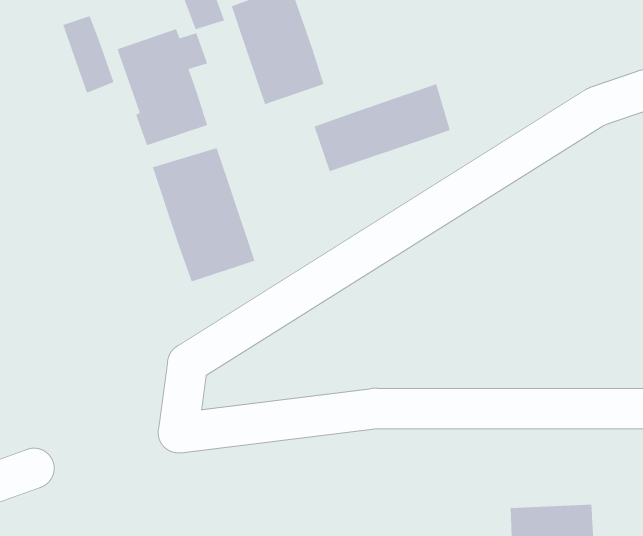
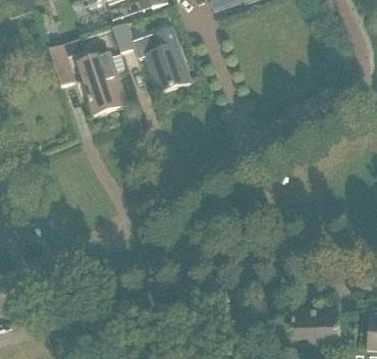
building: [314,83,451,172] -> none
building: [152,147,255,283] -> none

